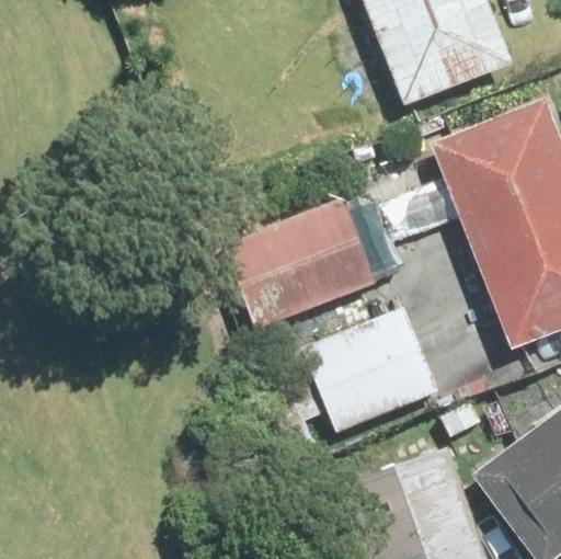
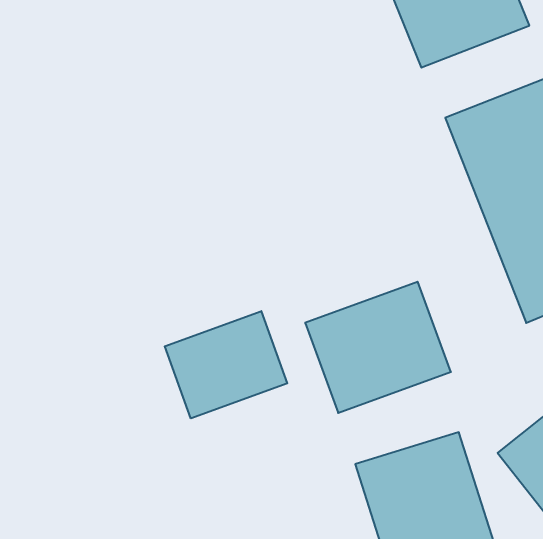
building: [226,192,379,323] -> none
building: none -> [165,311,287,418]

